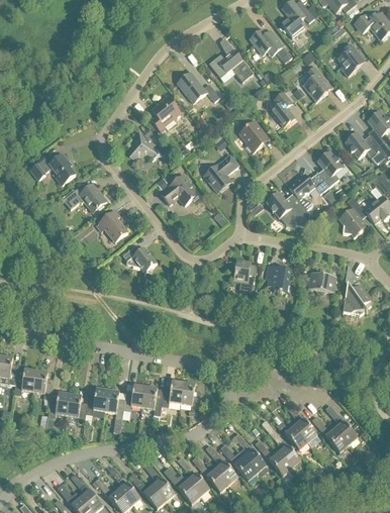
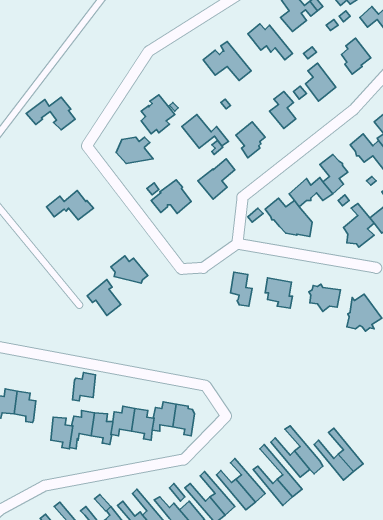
building: [176,72,219,103] -> [182,114,229,148]
building: [29,153,75,184] -> [26,97,75,130]
building: [96,209,127,242] -> [87,279,121,315]
building: [47,392,69,418] -> [72,373,95,401]

